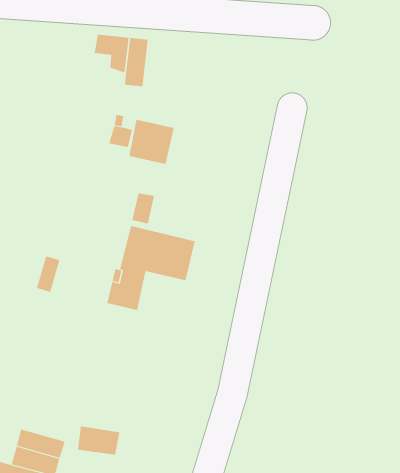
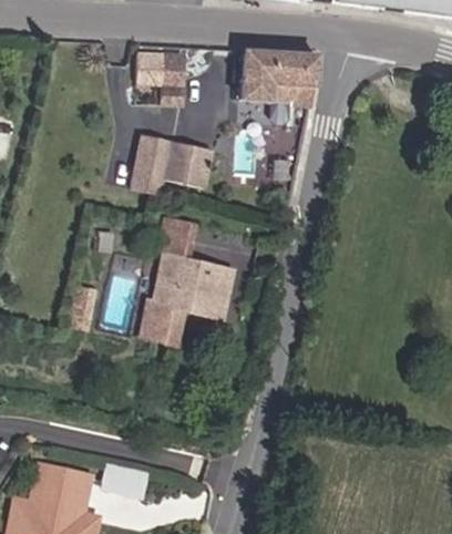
building: none -> [239,53,314,105]

